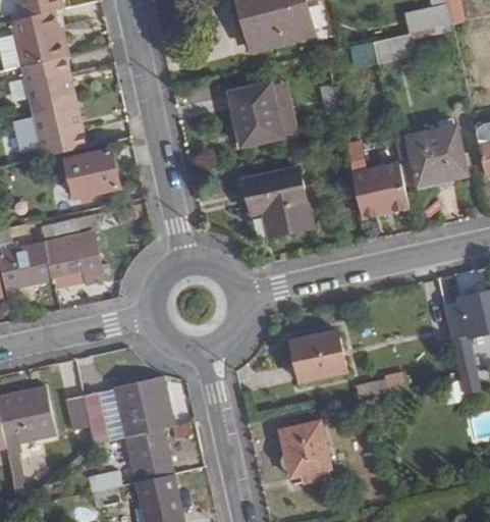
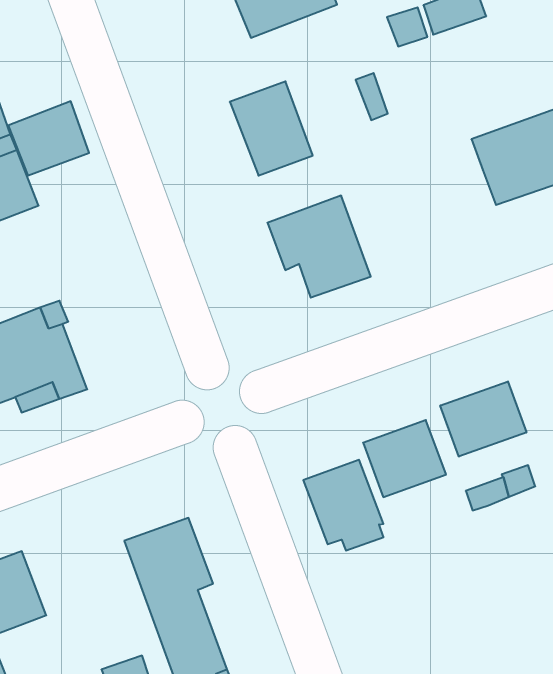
building: [344,140,410,214] -> none
building: [66,149,120,197] -> [8,101,89,176]
building: none -> [440,381,526,457]
building: [65,392,111,443] -> none
building: [279,422,331,484] -> [303,460,384,551]

